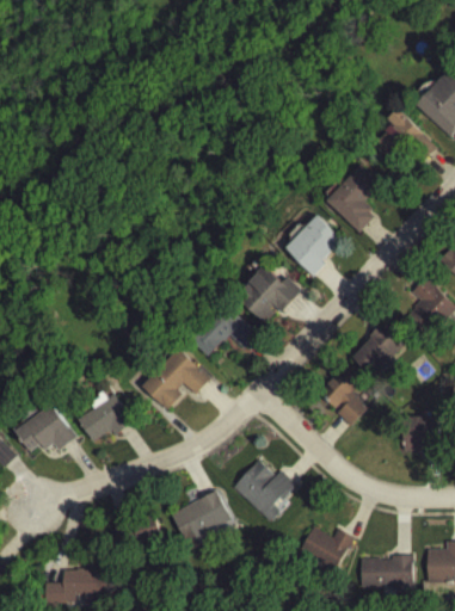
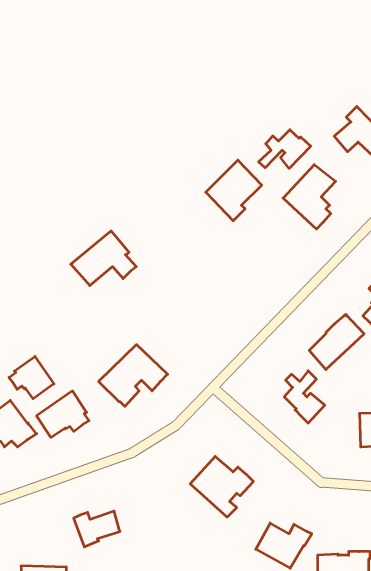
building: none -> [259,130,311,168]
building: [285,215,342,276] -> [206,160,262,221]
building: [236,265,302,322] -> none
building: [189,301,254,356] -> [71,231,136,286]
building: none -> [9,356,54,399]
building: [172,489,232,549] -> none

